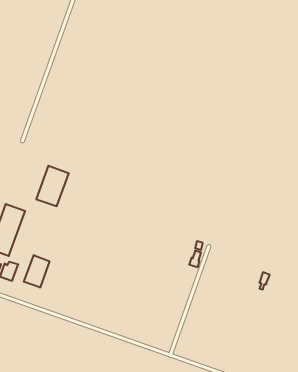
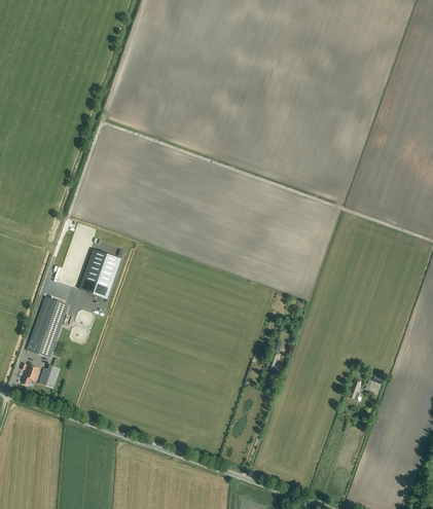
building: [24,255,49,288] -> none

